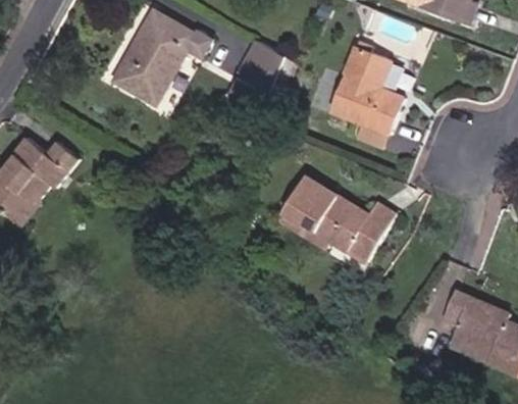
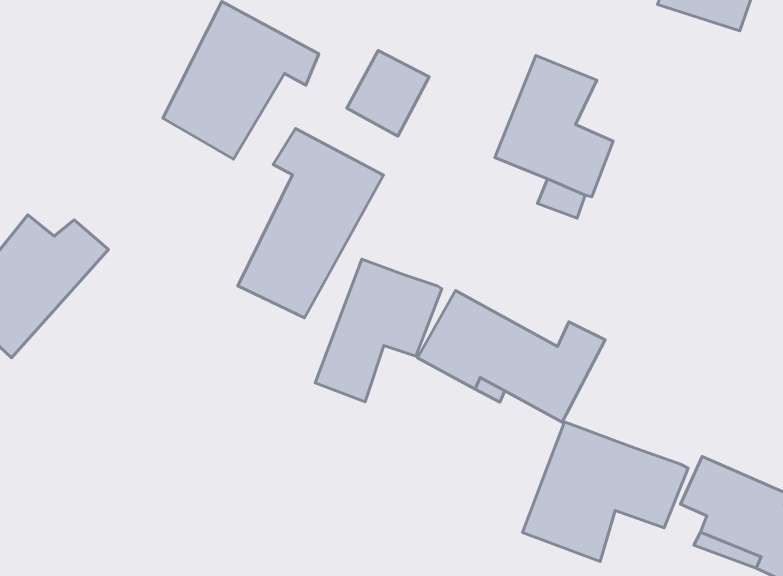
building: none -> [238,129,384,318]
building: none -> [315,259,442,402]
building: none -> [523,422,688,561]

